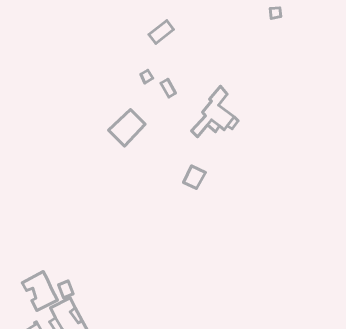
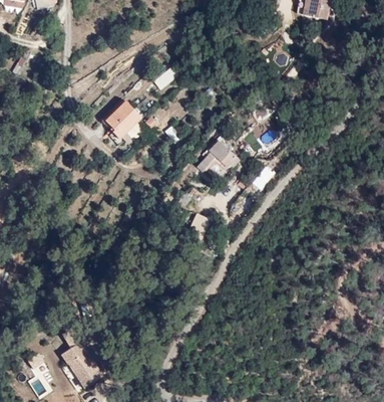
building: [109,109,145,146] -> [101,104,138,141]
building: [22,272,58,310] -> none

